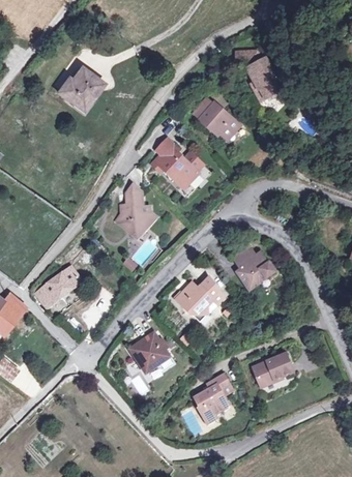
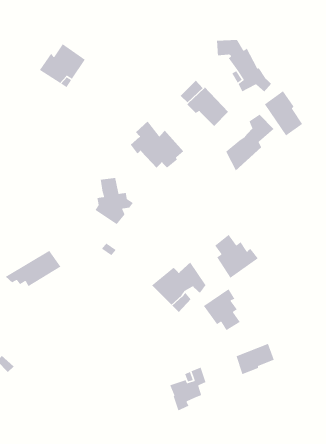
building: none -> [264,90,303,137]
building: none -> [225,114,275,171]
building: none -> [203,288,241,331]
building: [127,336,168,375] -> none

